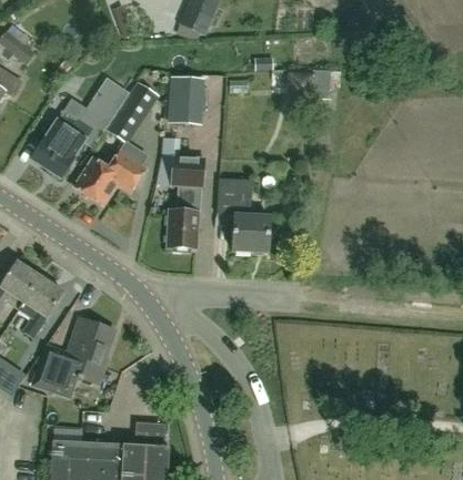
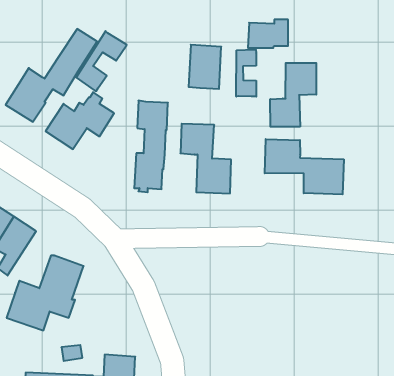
building: [169,75,203,122] -> [189,45,221,89]
building: none -> [236,50,256,97]
building: none -> [270,63,316,127]
building: none -> [265,139,344,194]

